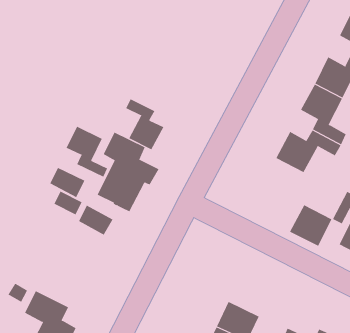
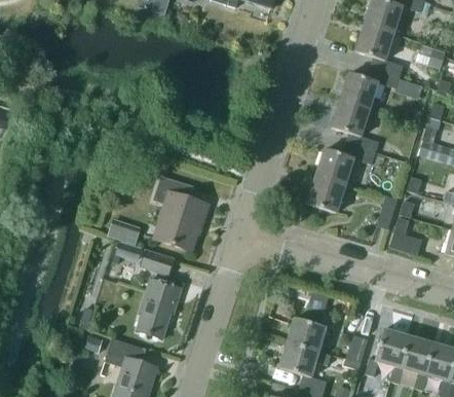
building: [126,98,164,150] -> none
building: [66,126,108,177] -> none
building: [289,205,332,246] -> [306,176,344,213]
building: none -> [137,279,181,339]

